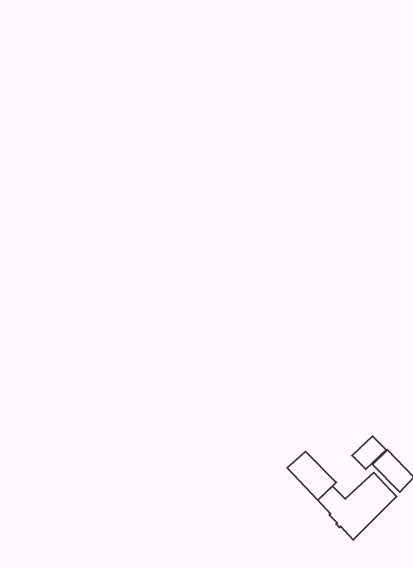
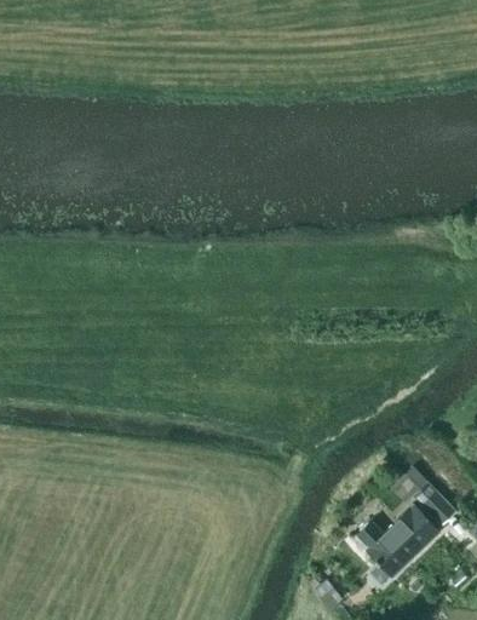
building: [287,452,336,500] -> none

